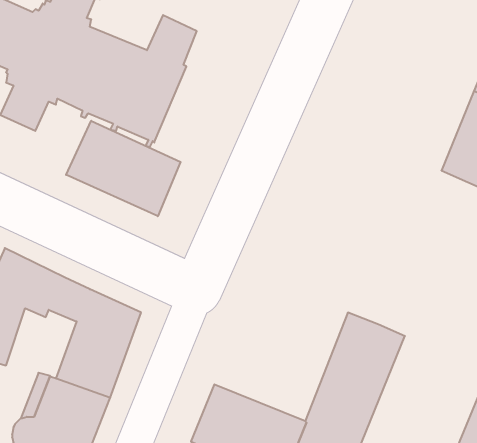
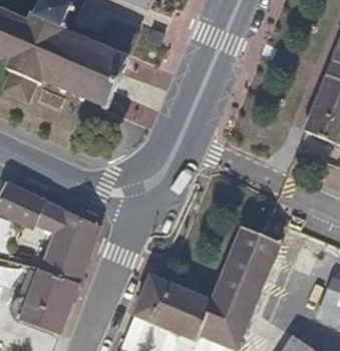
building: [66,121,181,216] -> none

